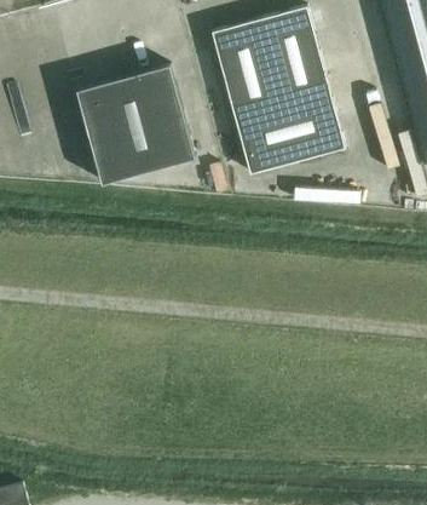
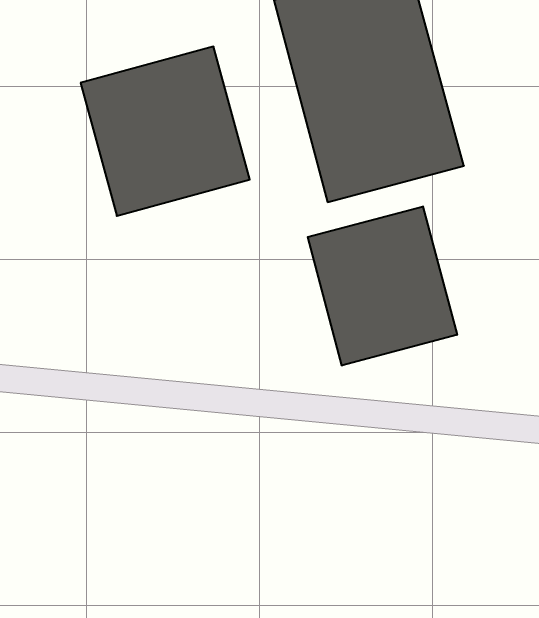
building: none -> [308,206,457,366]

